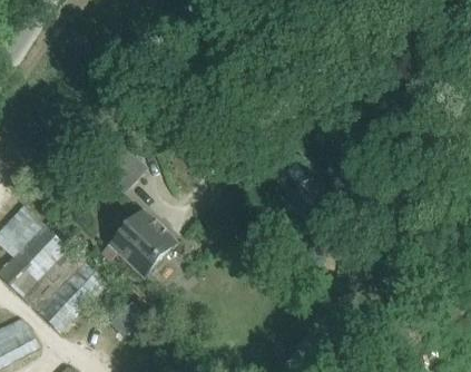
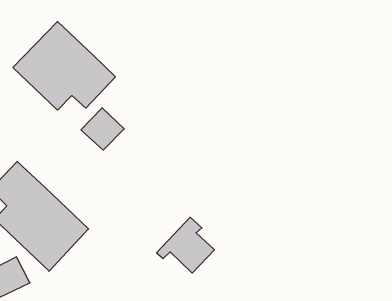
building: none -> [13,22,115,110]
building: [101,212,168,276] -> [157,217,214,273]

